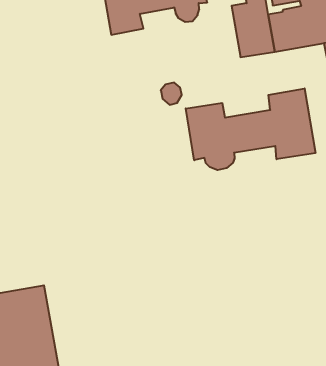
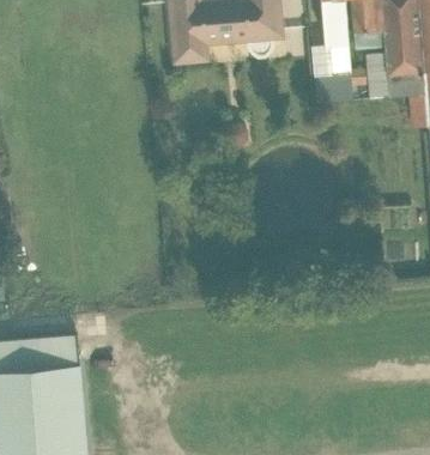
building: [186,88,315,170] -> none

